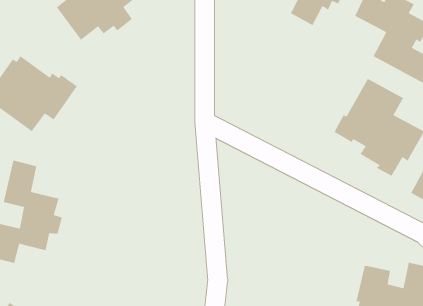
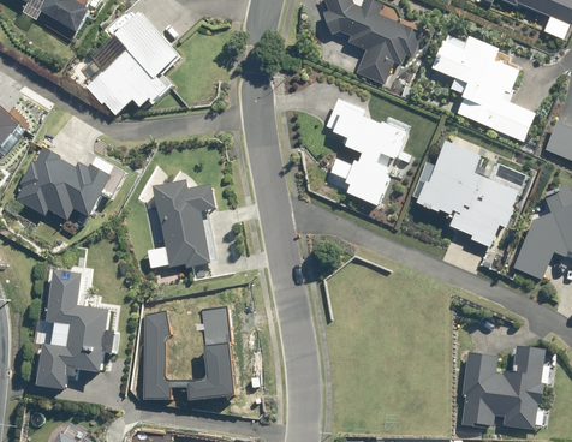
building: none -> [326,100,412,207]
building: none -> [143,183,222,287]
building: none -> [138,307,228,400]

